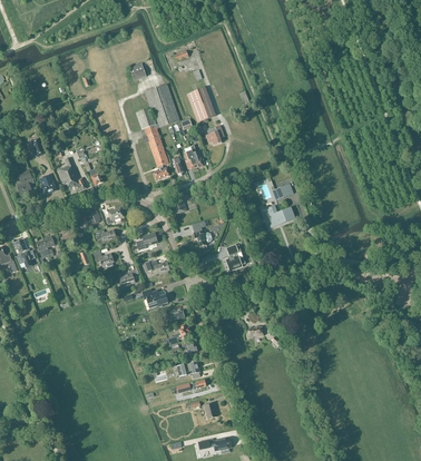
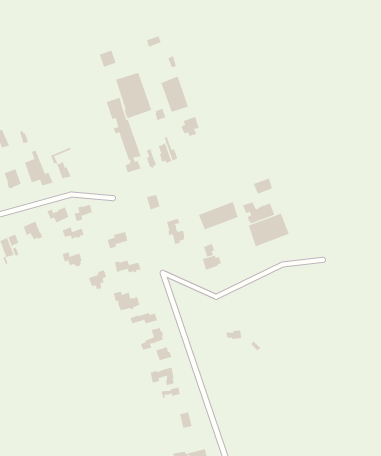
building: none -> [198,201,238,230]
building: none -> [248,213,290,247]

